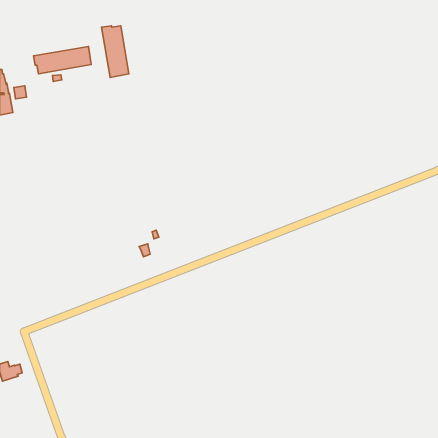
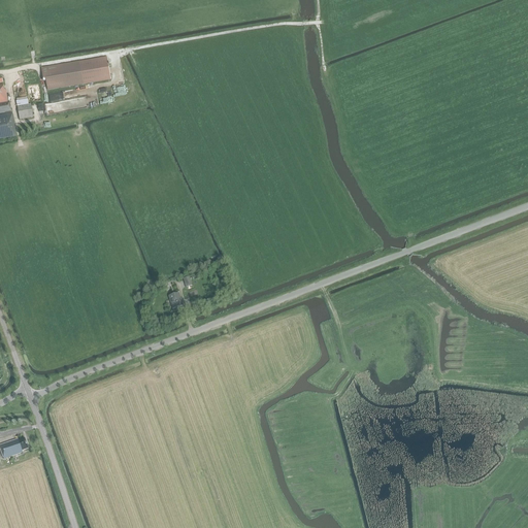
building: [102,26,129,78] -> none

